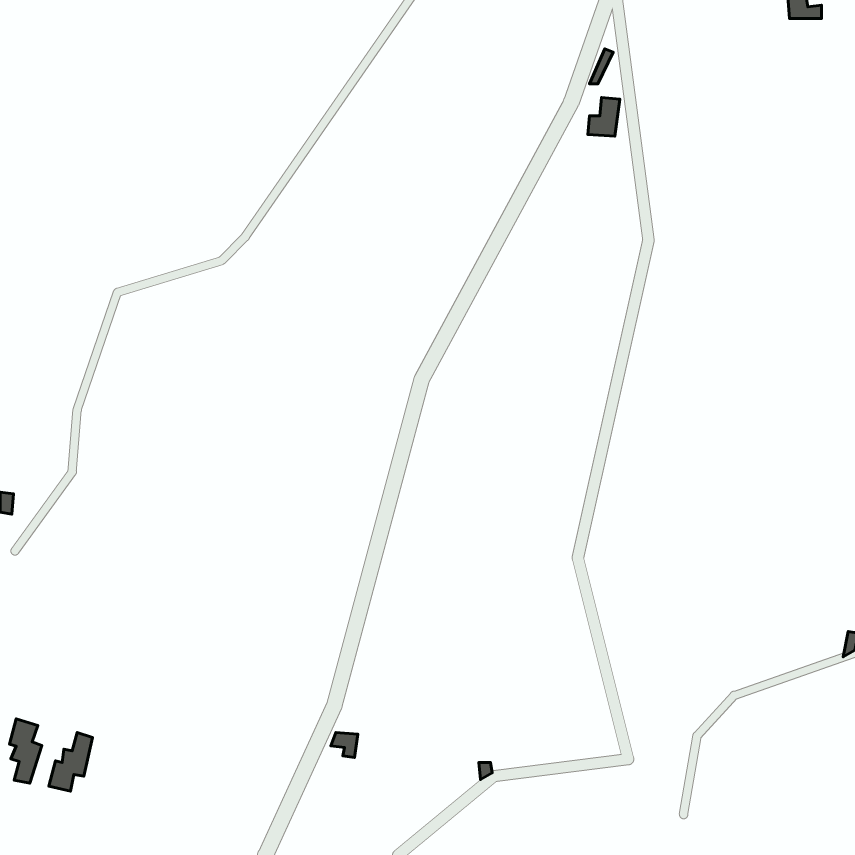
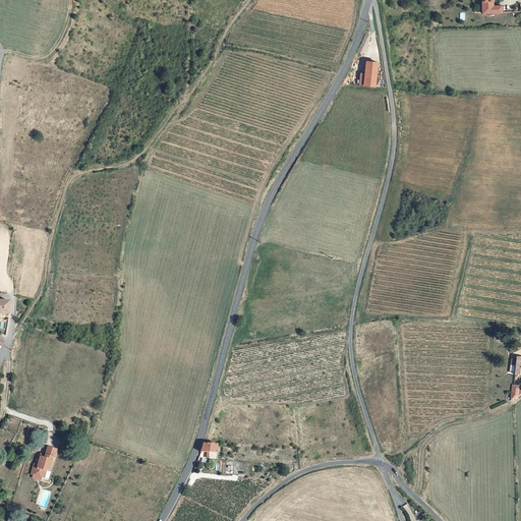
building: [10,719,42,783] -> none

